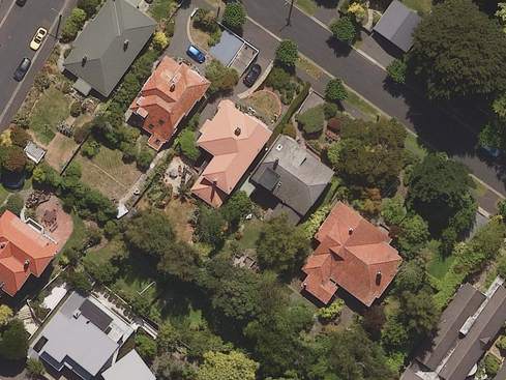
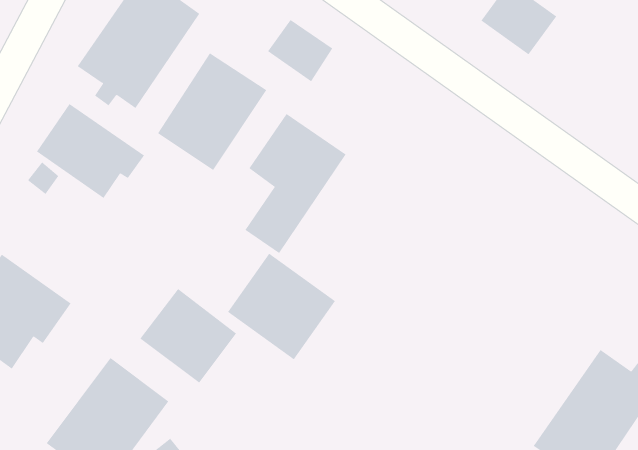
building: none -> [36,103,145,199]
building: [250,133,334,215] -> [227,253,336,360]
building: [294,203,406,309] -> none
building: none -> [140,288,237,383]

